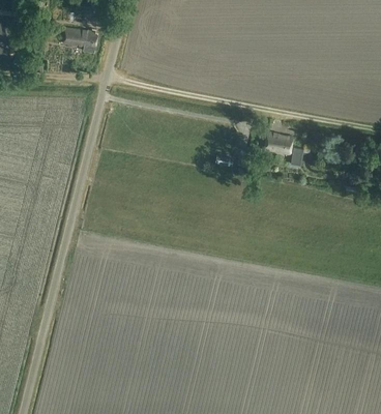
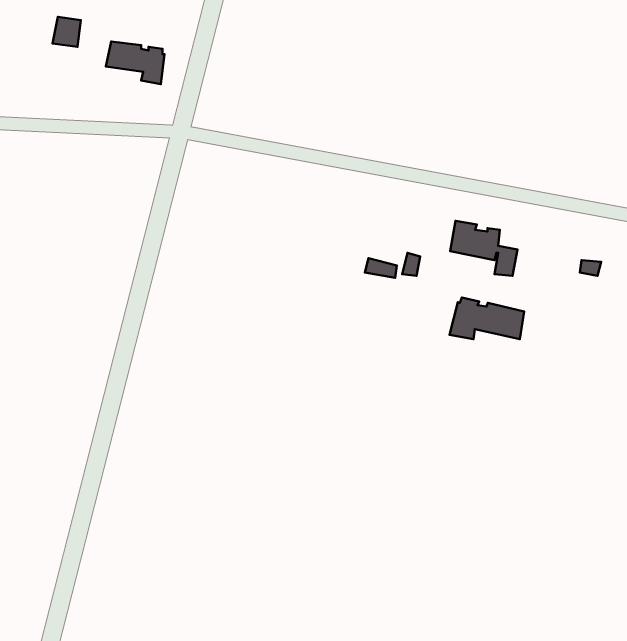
building: none -> [449,298,524,339]

